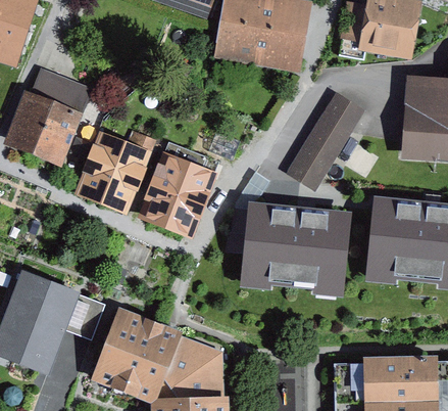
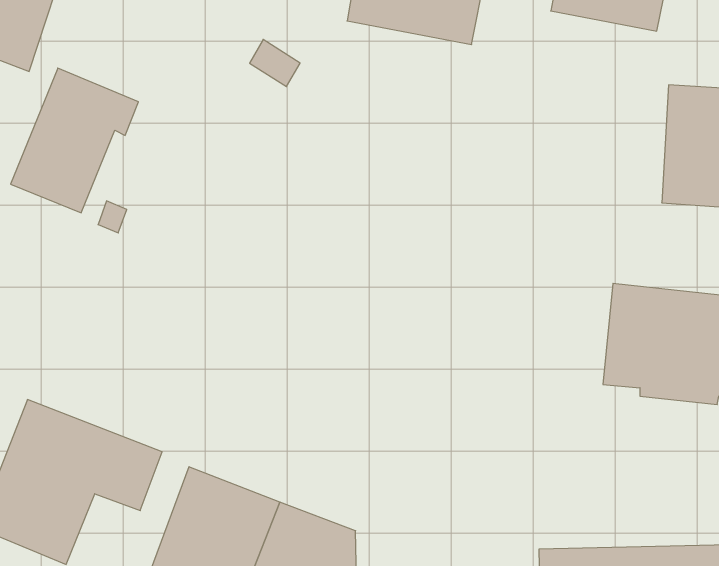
building: [287,95,362,190] -> none
building: [77,134,153,204] -> none
building: [144,147,212,230] -> none
building: [246,209,345,281] -> none

